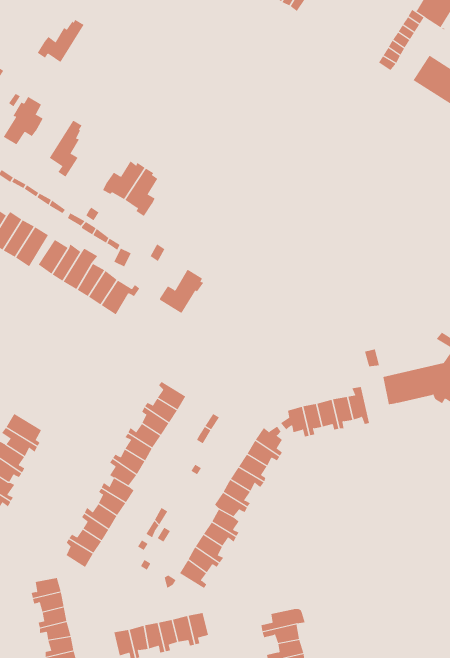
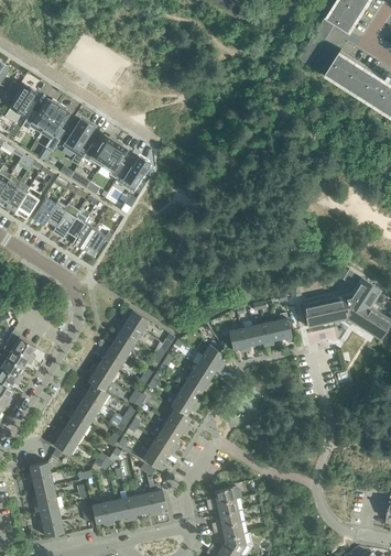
building: [37,19,85,63] -> [22,99,59,133]
building: none -> [64,120,94,165]
building: [159,269,204,314] -> [116,156,151,192]

